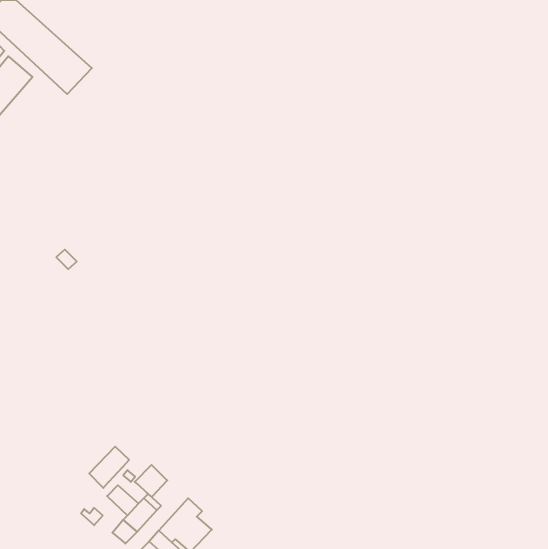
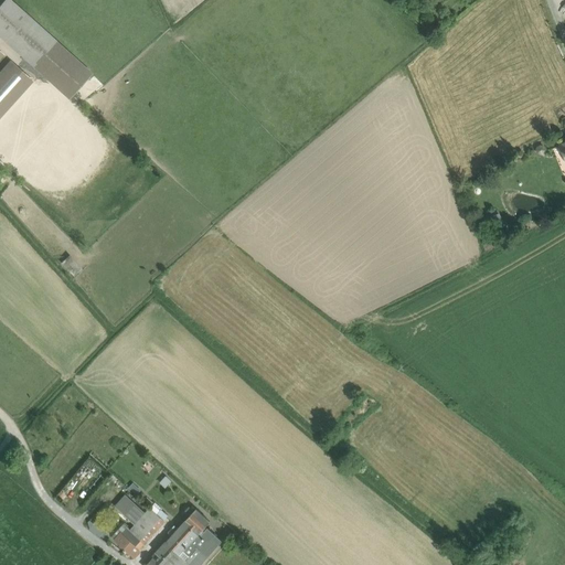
building: [89,447,129,488] -> none
building: [135,465,167,497] -> none

